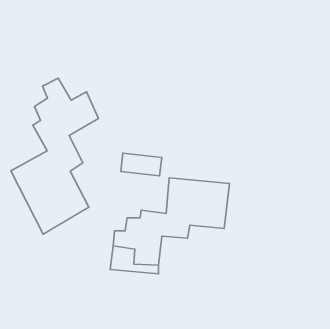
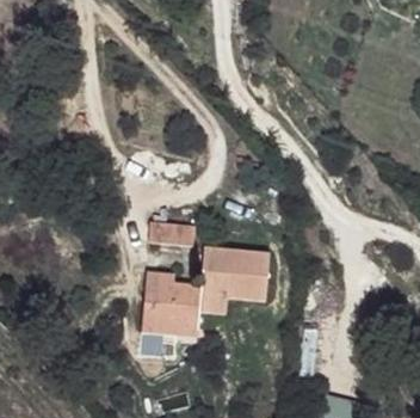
building: [11,78,99,234] -> none

